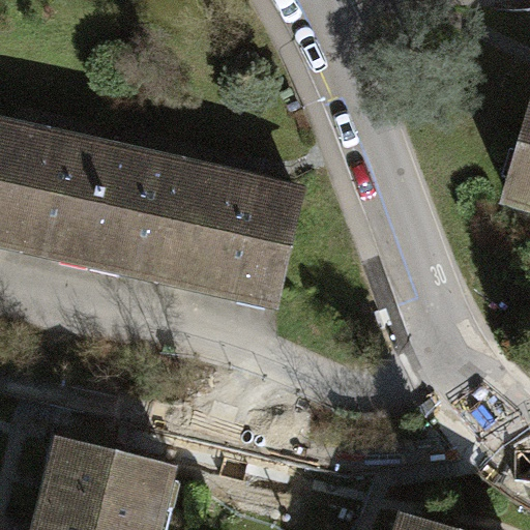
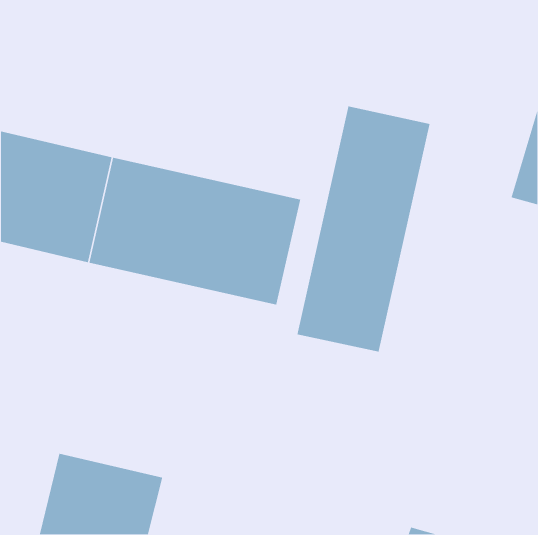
building: none -> [297,106,430,353]

